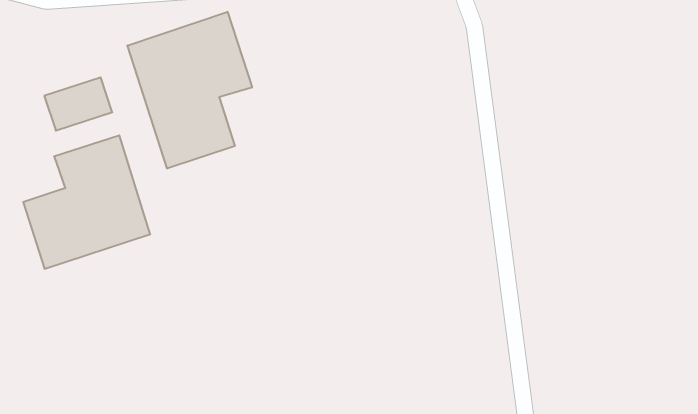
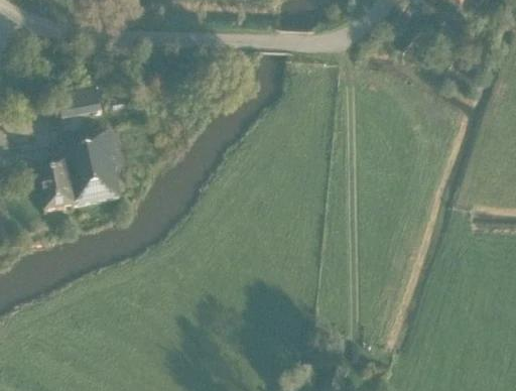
building: [127,12,252,169] -> none

